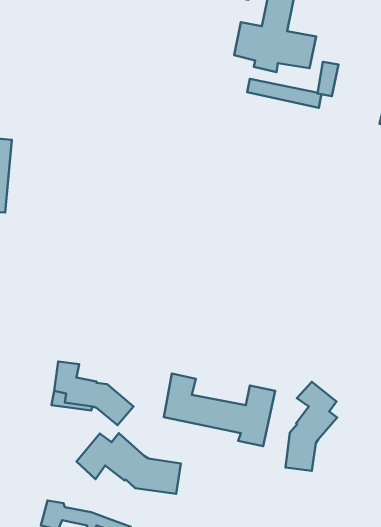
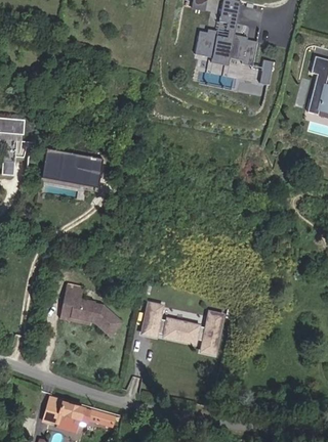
building: none -> [39,148,101,188]
building: [286,382,337,471] -> none
building: [76,433,181,494] -> none

